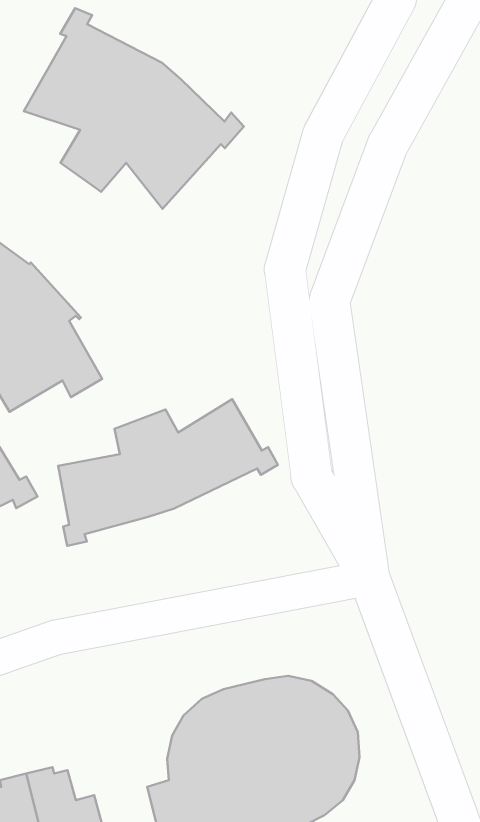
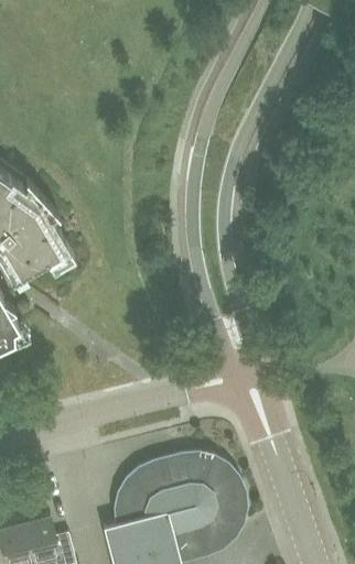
building: [24,8,244,209] -> none
building: [58,399,278,546] -> none

